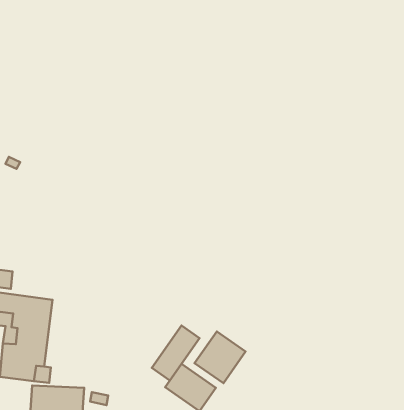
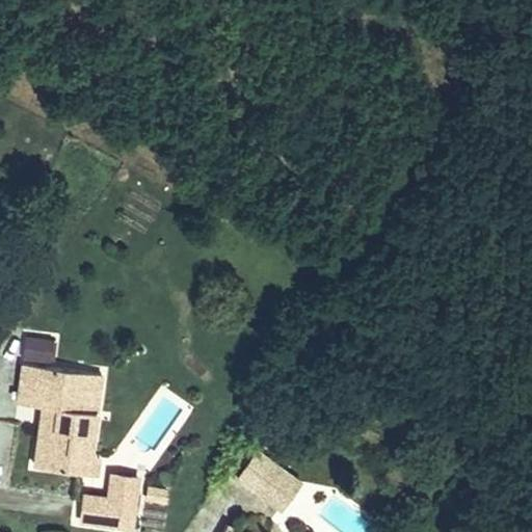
building: [152,326,200,381] -> none
building: [195,332,246,383] -> none

